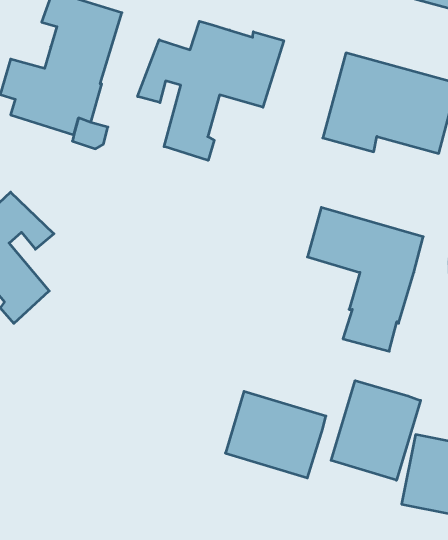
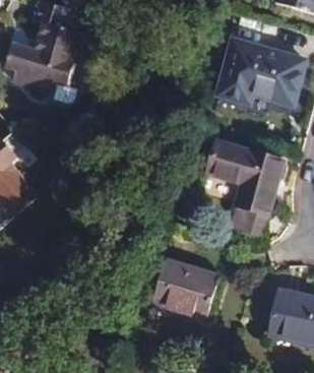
building: [138,21,284,160] -> none
building: [331,381,421,480] -> none

